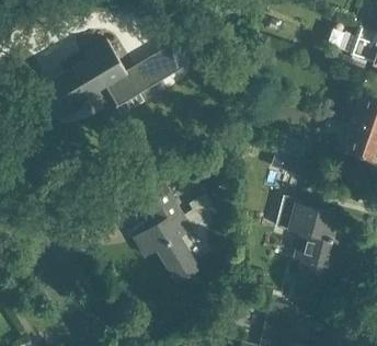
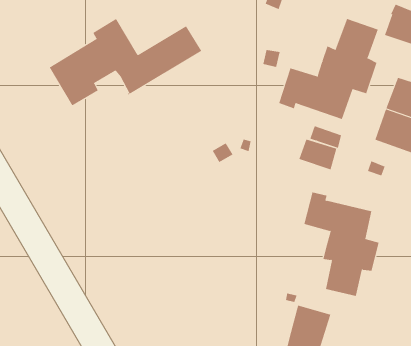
building: none -> [278,18,378,120]
building: [135,184,219,284] -> none

